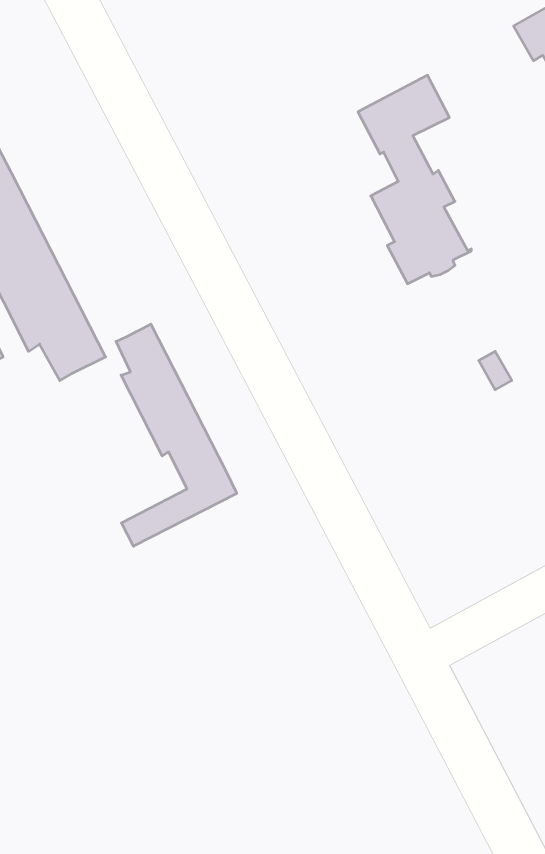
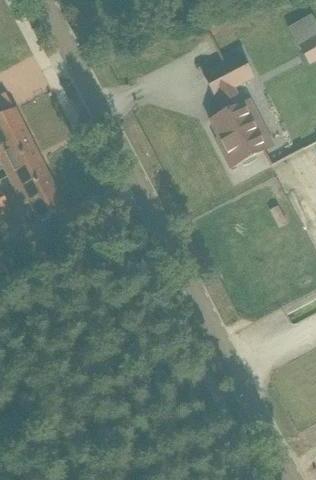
building: [116,324,237,546] -> none

